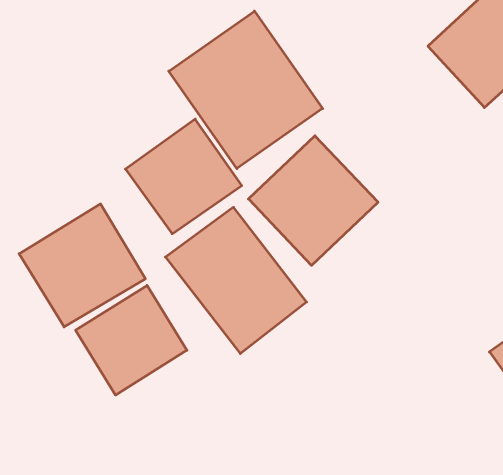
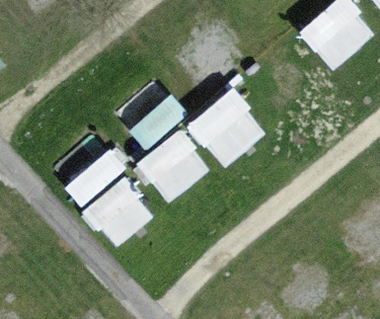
building: [169,11,323,169] -> none

